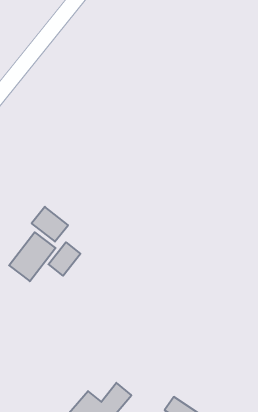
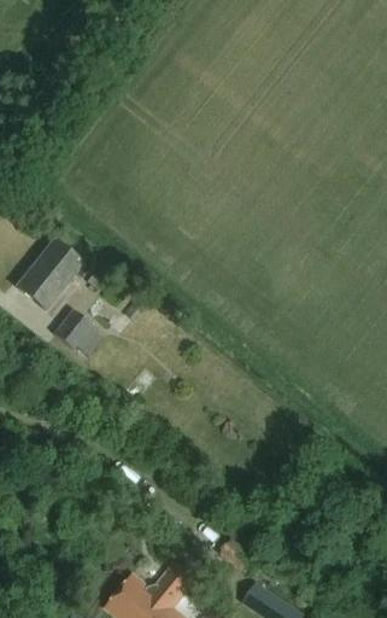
building: [9,232,56,281] -> [14,237,82,308]
building: [48,242,80,276] -> none

